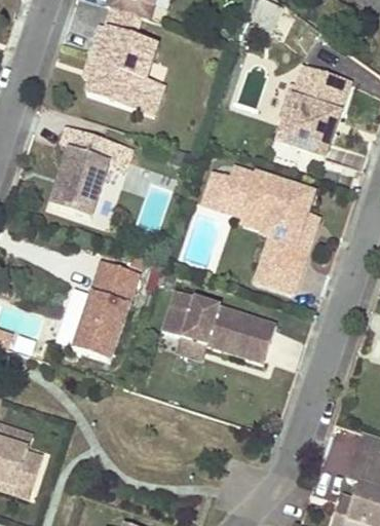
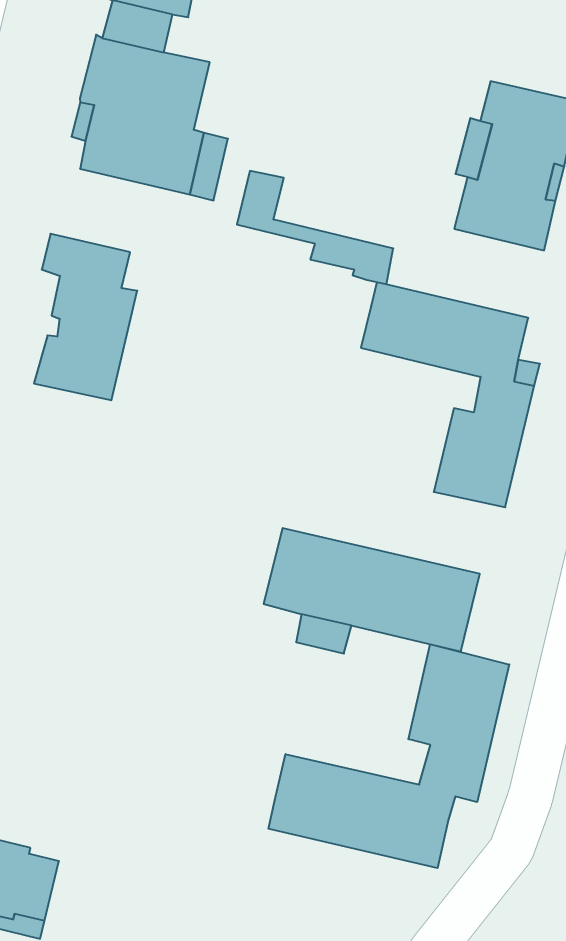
building: [204,173,286,238] -> [237,171,393,284]
building: [73,262,139,360] -> none
building: none -> [268,644,509,868]

